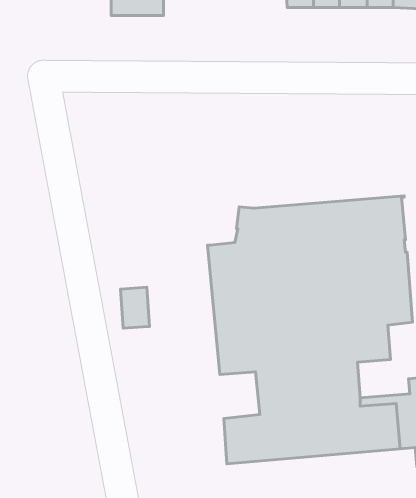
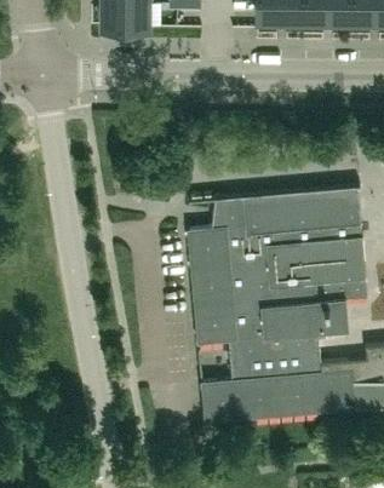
building: [120,287,149,328] -> none

